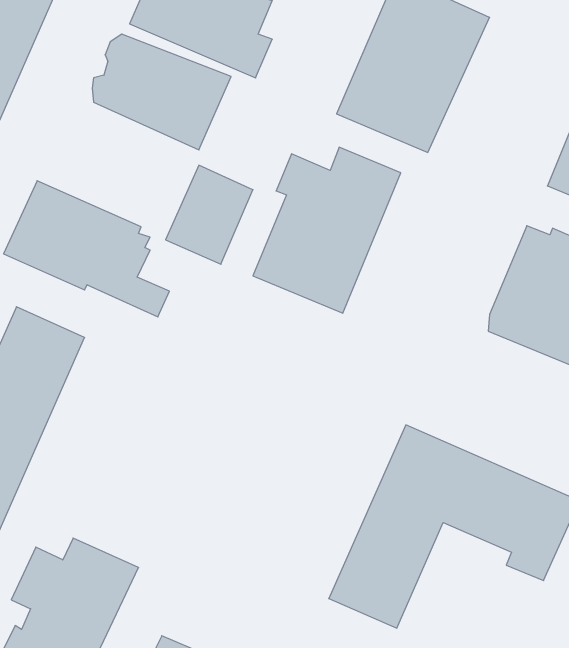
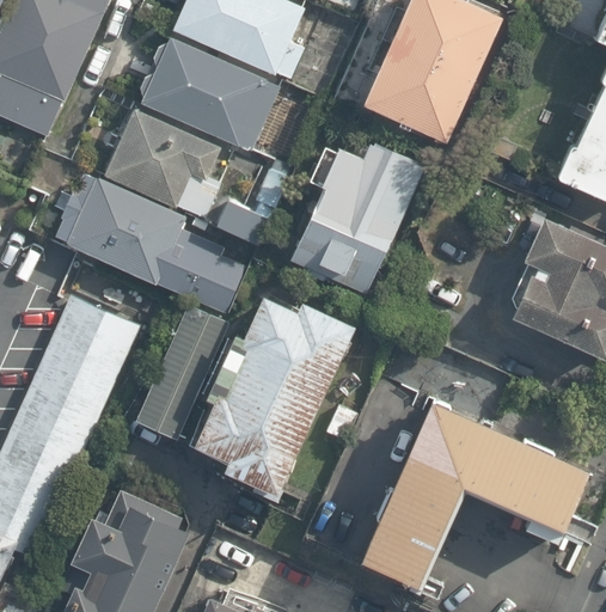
building: none -> [99,105,225,220]
building: none -> [185,294,357,497]
building: none -> [137,305,229,436]

